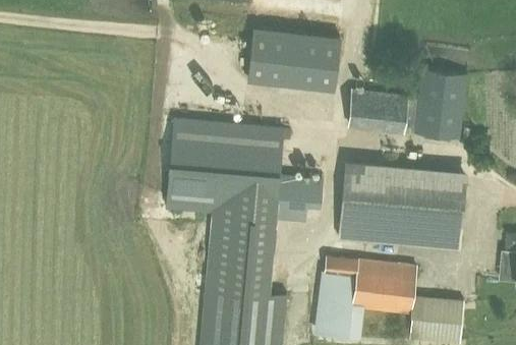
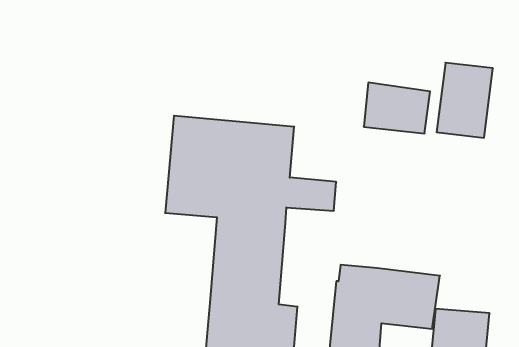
building: [247,27,342,92] -> none
building: [338,175,464,249] -> none

